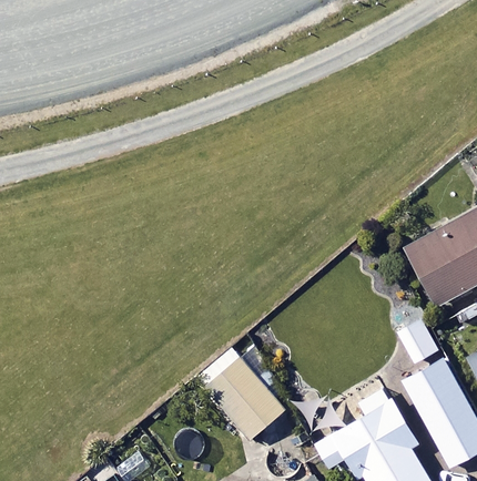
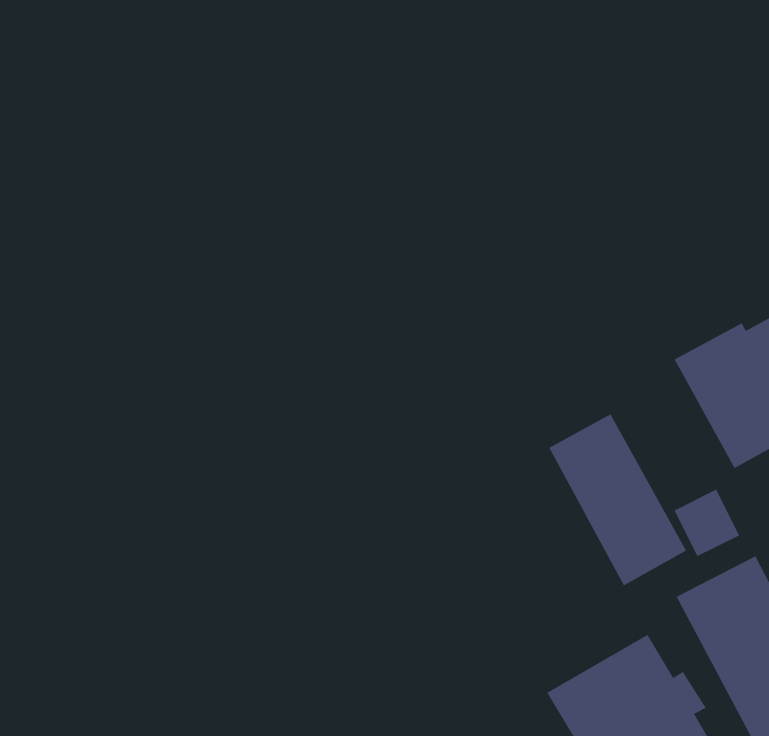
building: none -> [548,413,687,587]
building: [199,348,294,439] -> none

